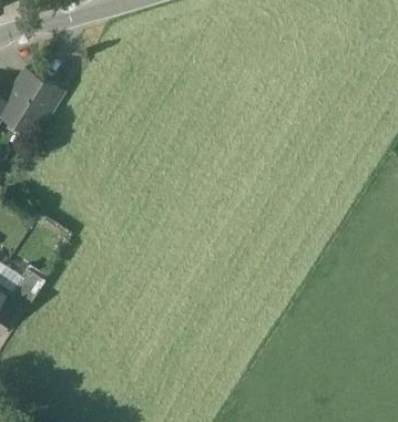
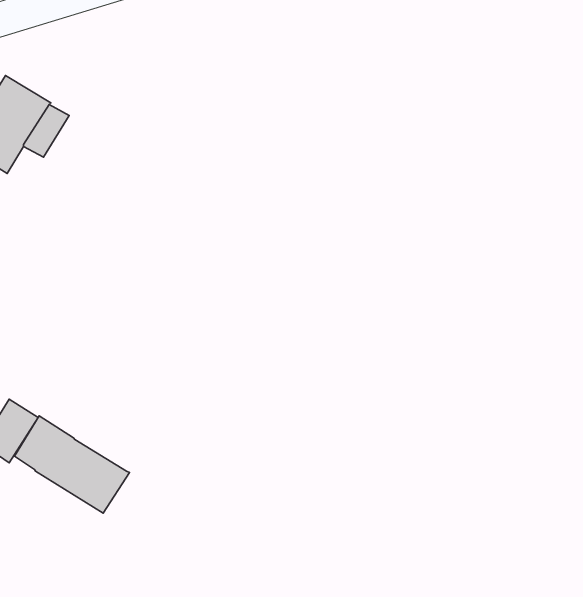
building: none -> [14,416,130,513]

